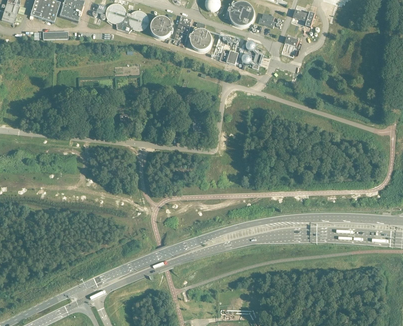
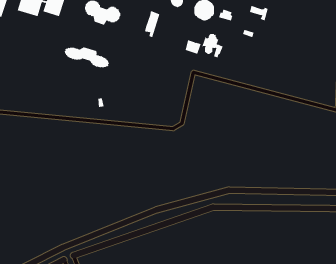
building: [150,17,172,38] -> none
building: [188,30,211,51] -> none
building: none -> [64,46,110,68]

